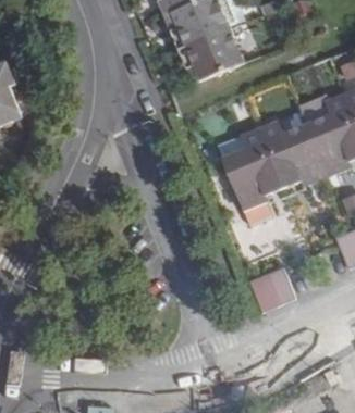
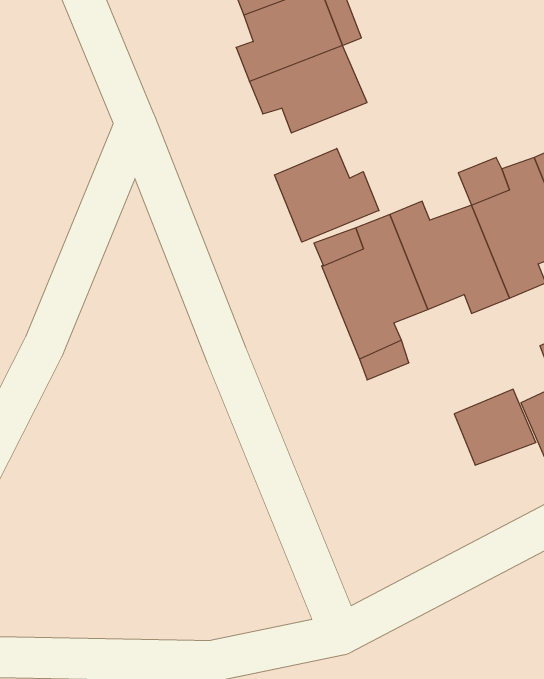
building: none -> [274,148,379,242]
building: [247,265,294,309] -> [454,389,536,465]

